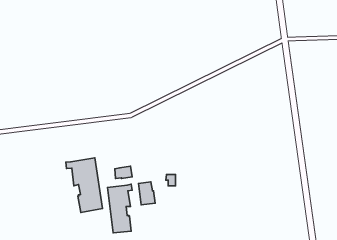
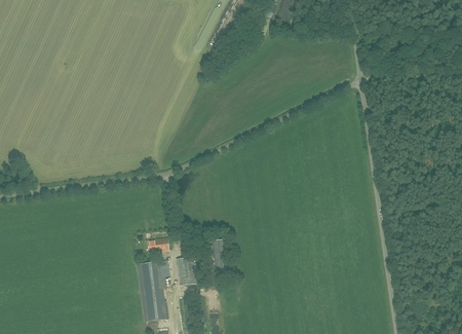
building: [66,158,103,212] -> none

